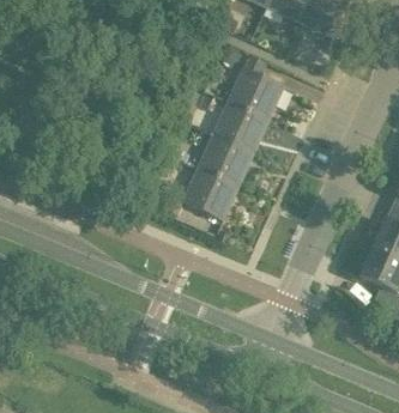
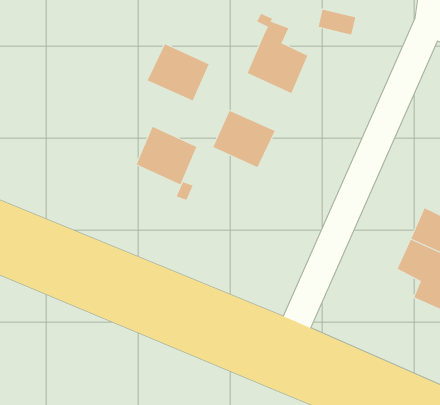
building: [213,103,268,153] -> [147,44,210,101]
building: [185,168,238,219] -> [136,126,197,185]

